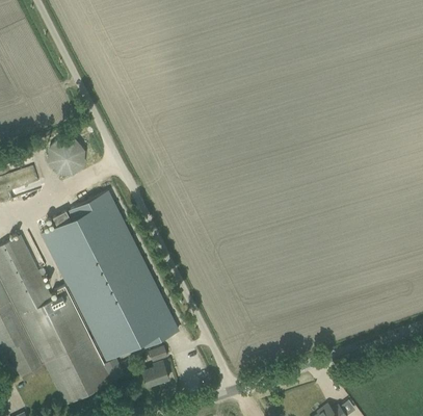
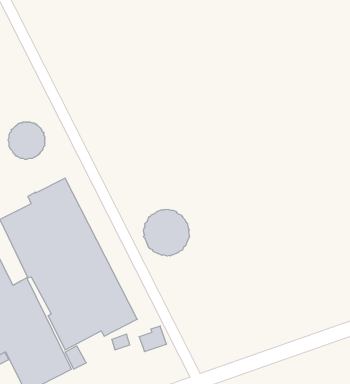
building: none -> [144,209,190,256]
building: [142,362,169,387] -> [139,326,167,352]

